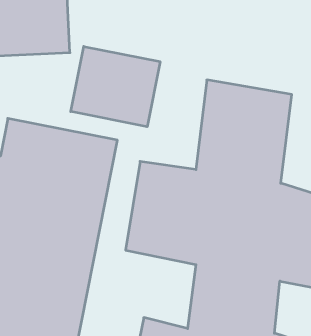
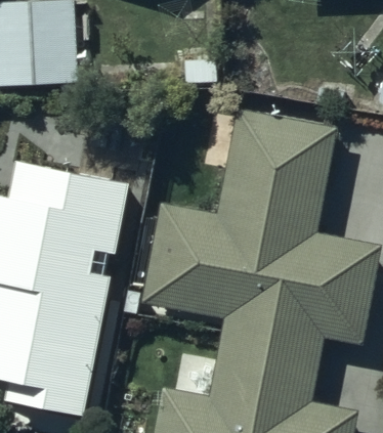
building: [71,46,160,127] -> none

